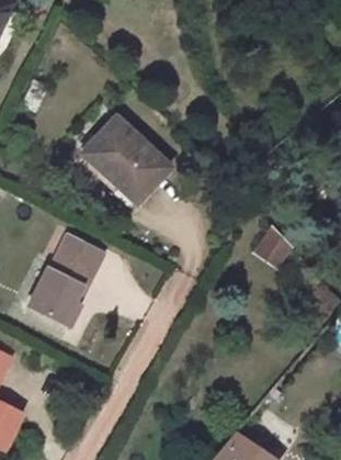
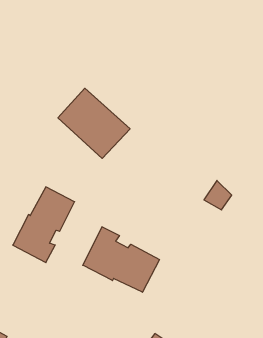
building: none -> [83,227,159,292]

